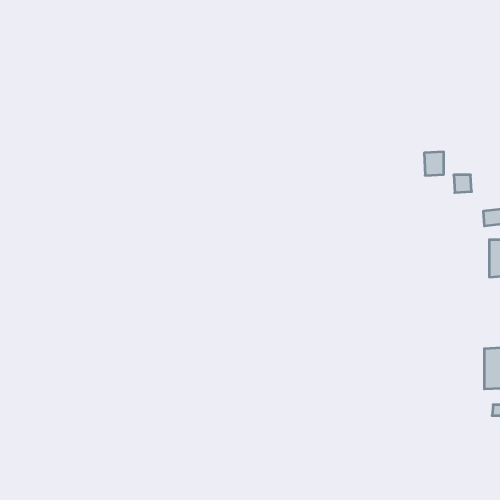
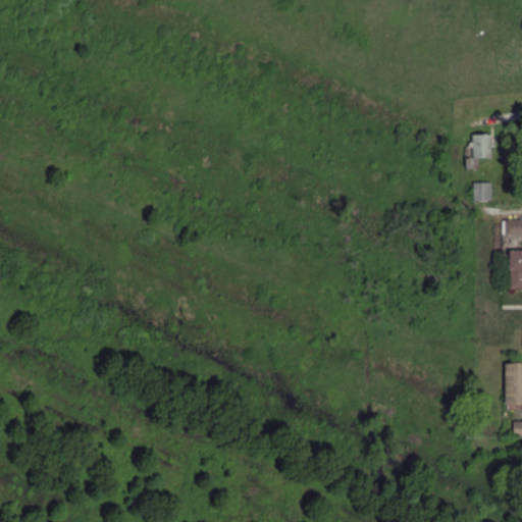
building: [424,152,444,175] -> [472,135,492,159]

